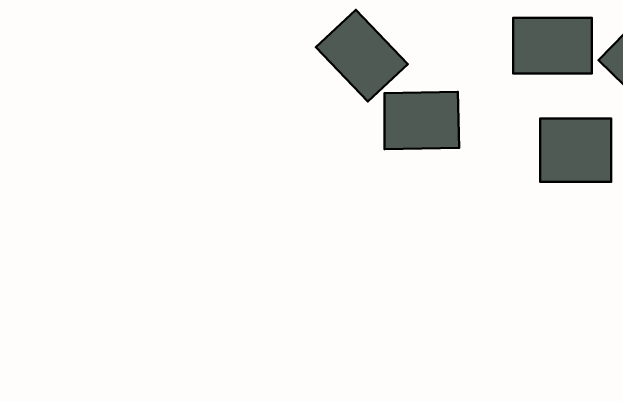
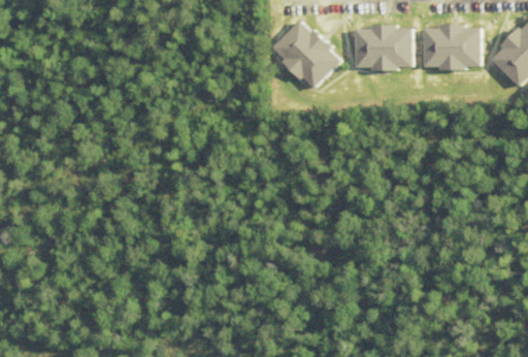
building: [385,92,459,149] -> [354,25,411,69]
building: [540,118,611,182] -> none

